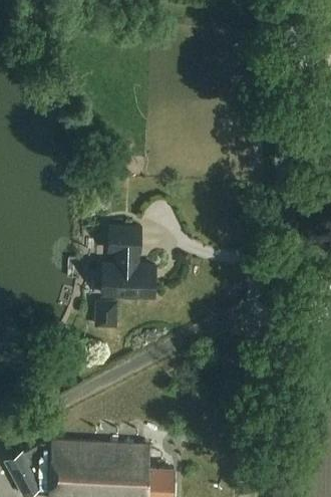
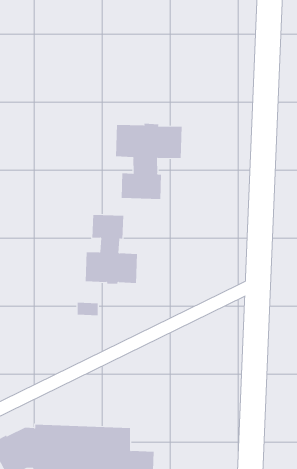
building: none -> [116,123,182,200]

